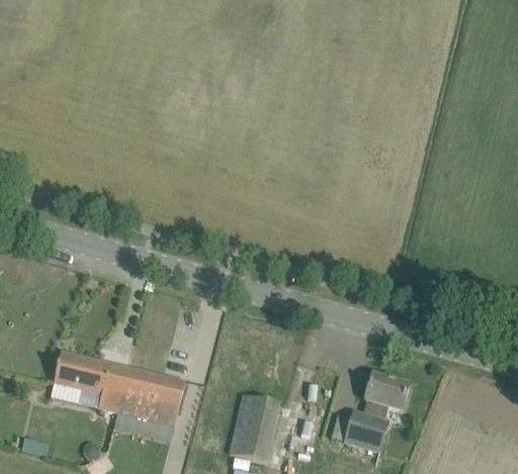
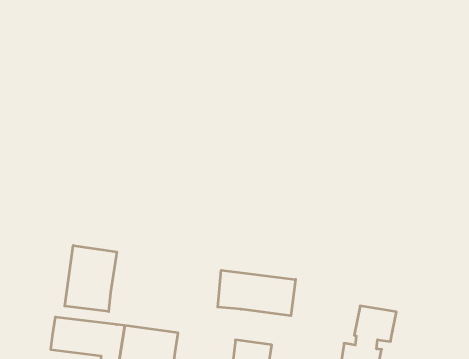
building: none -> [65,245,117,312]
building: none -> [218,270,296,316]

